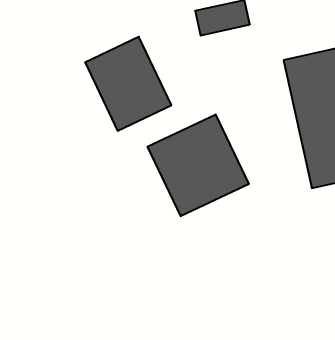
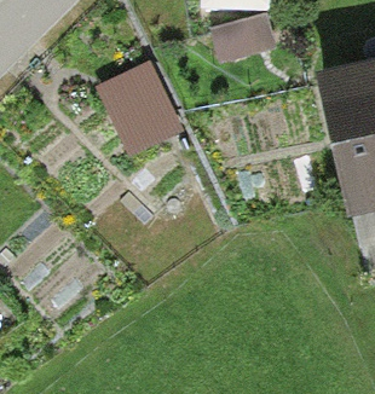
building: [148,114,249,216] -> none

